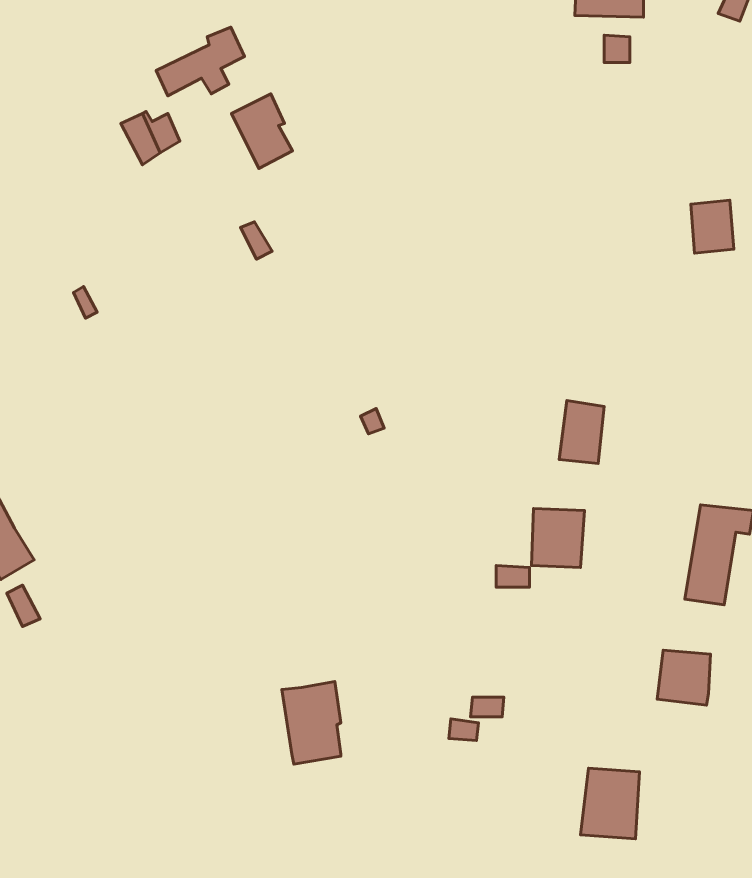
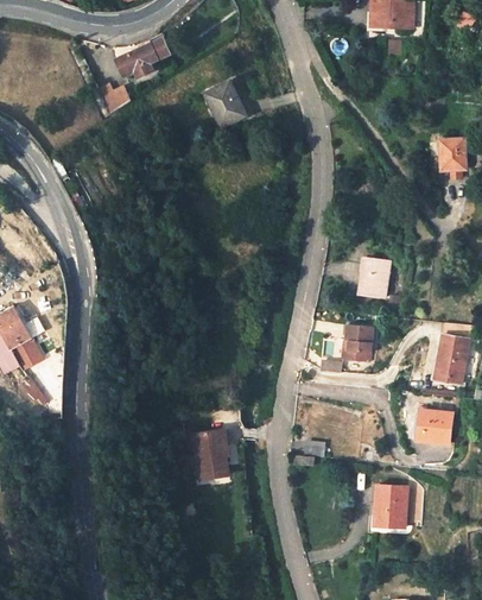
building: [231,94,292,169] -> [205,82,242,127]

